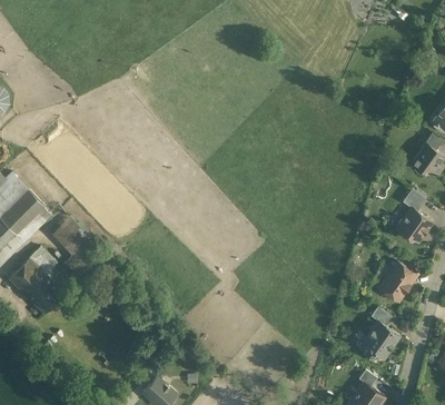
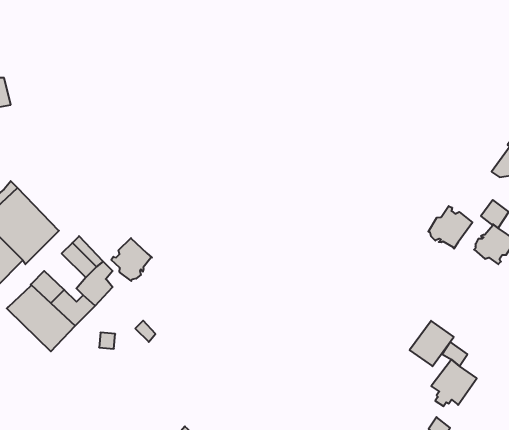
building: none -> [428,206,472,249]
building: none -> [111,238,152,281]
building: [378,264,415,302] -> [410,321,454,366]

